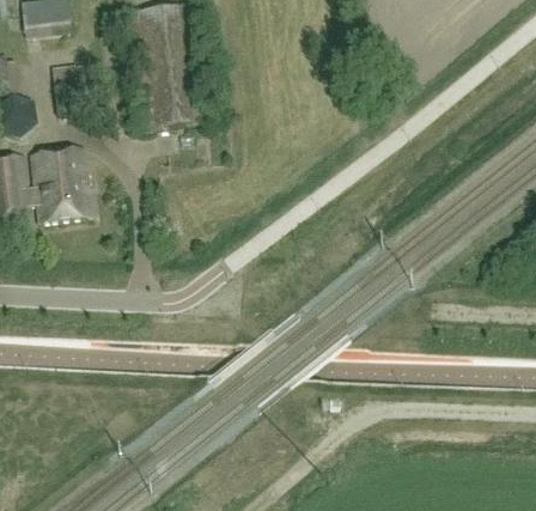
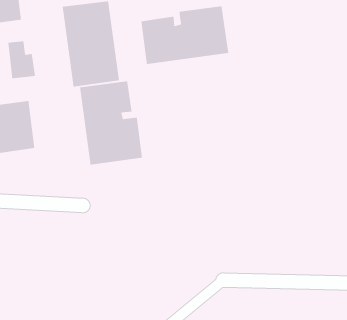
building: none -> [141,6,229,65]
building: none -> [79,81,143,166]

